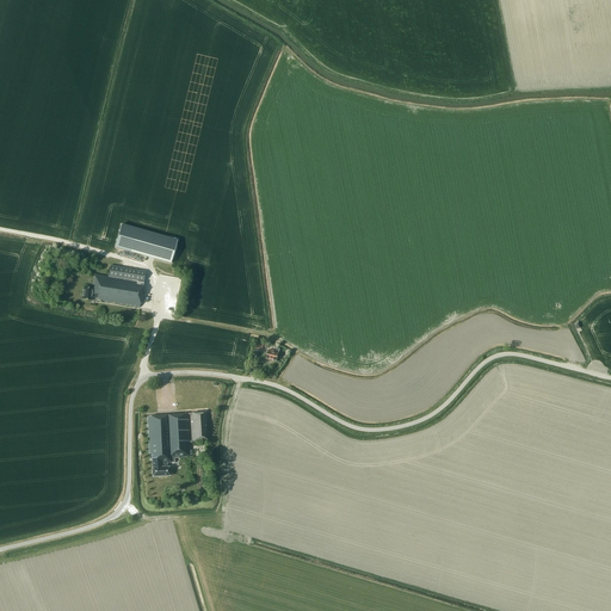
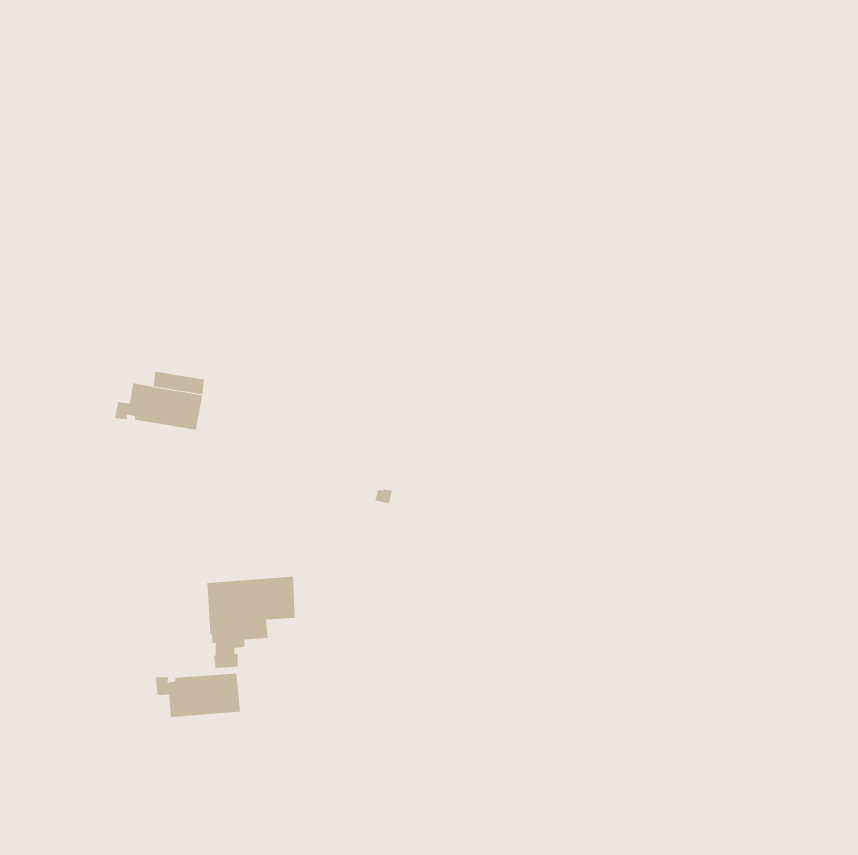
building: [130,227,177,261] -> none
building: none -> [155,673,241,718]

